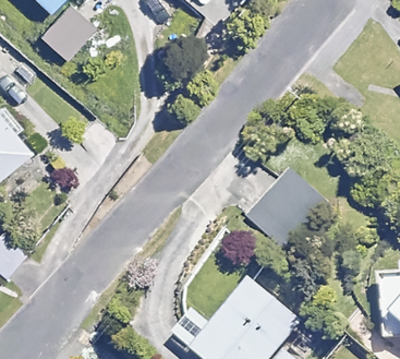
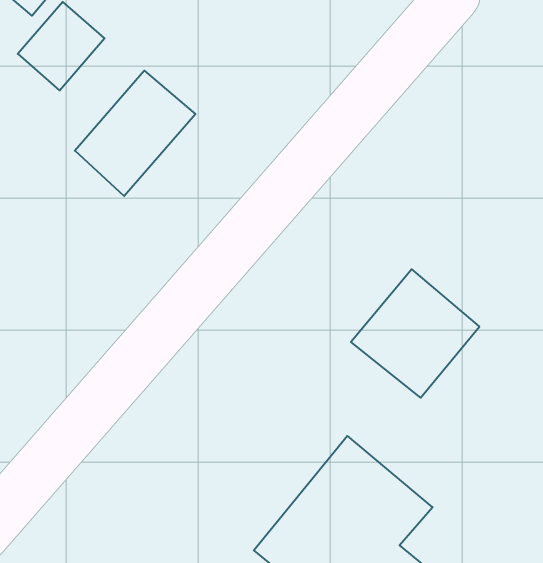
building: none -> [75,71,195,196]

